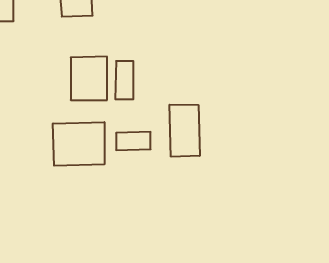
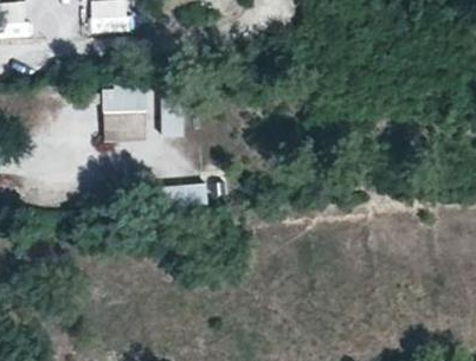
building: [170,105,200,157] -> none
building: [53,122,104,166] -> none

